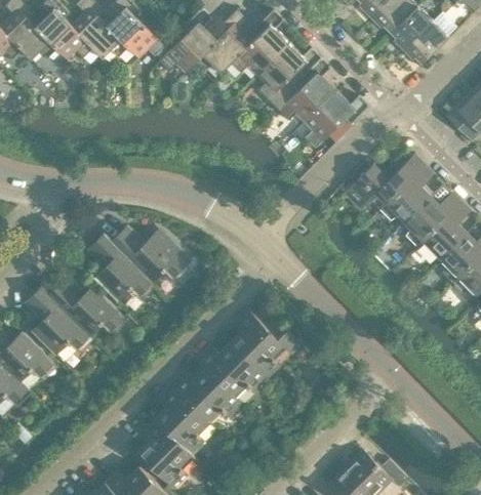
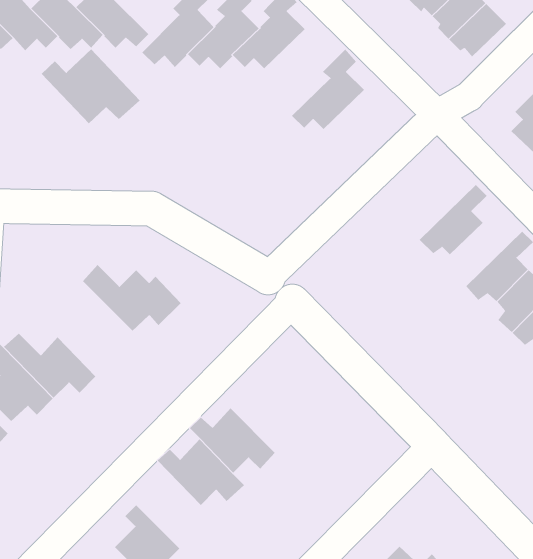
building: [256,42,321,111] -> none
building: none -> [41,49,141,124]
building: [304,90,368,148] -> none
building: [345,155,425,209] -> none
building: [404,193,462,246] -> none
building: [91,234,152,300] -> none
building: [230,308,302,378] -> none
building: [155,384,206,454] -> none

